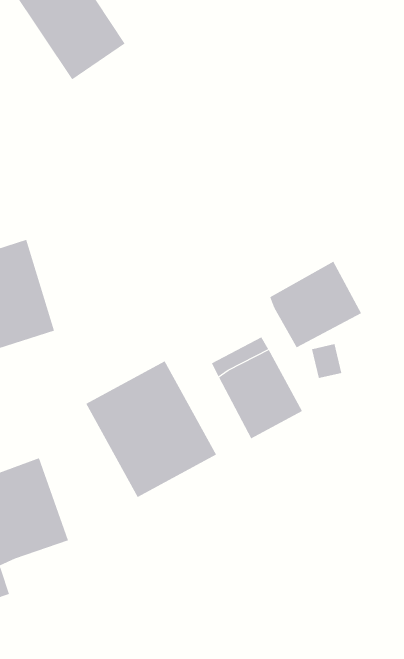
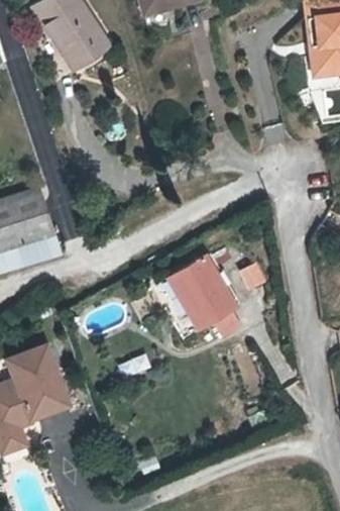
building: [270,261,362,348] -> none
building: [85,360,217,498] -> none

